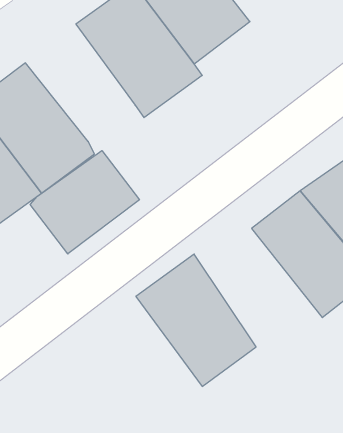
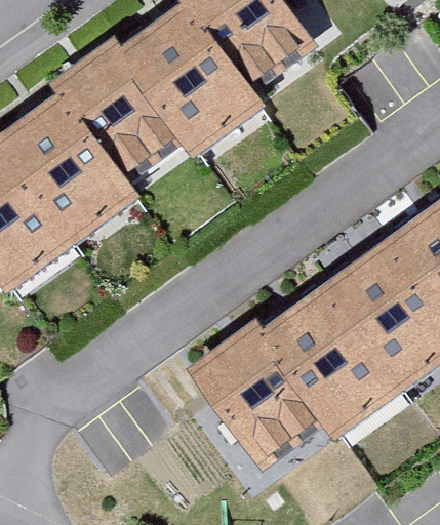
building: none -> [50,39,186,185]
building: [30,151,139,254] -> none
building: none -> [265,287,403,437]

